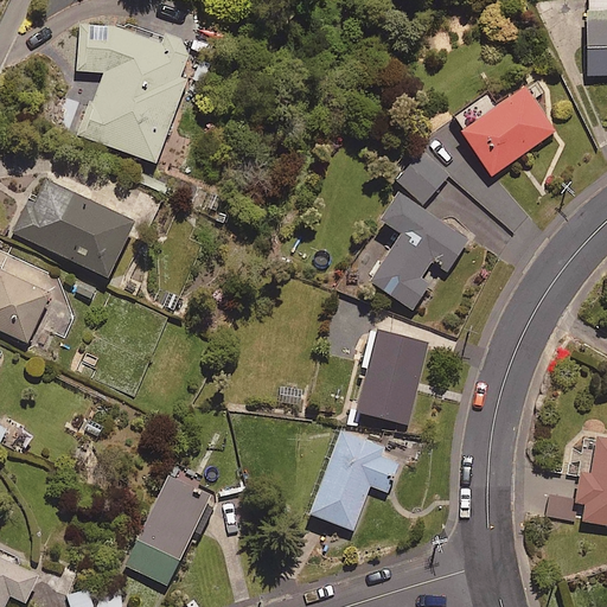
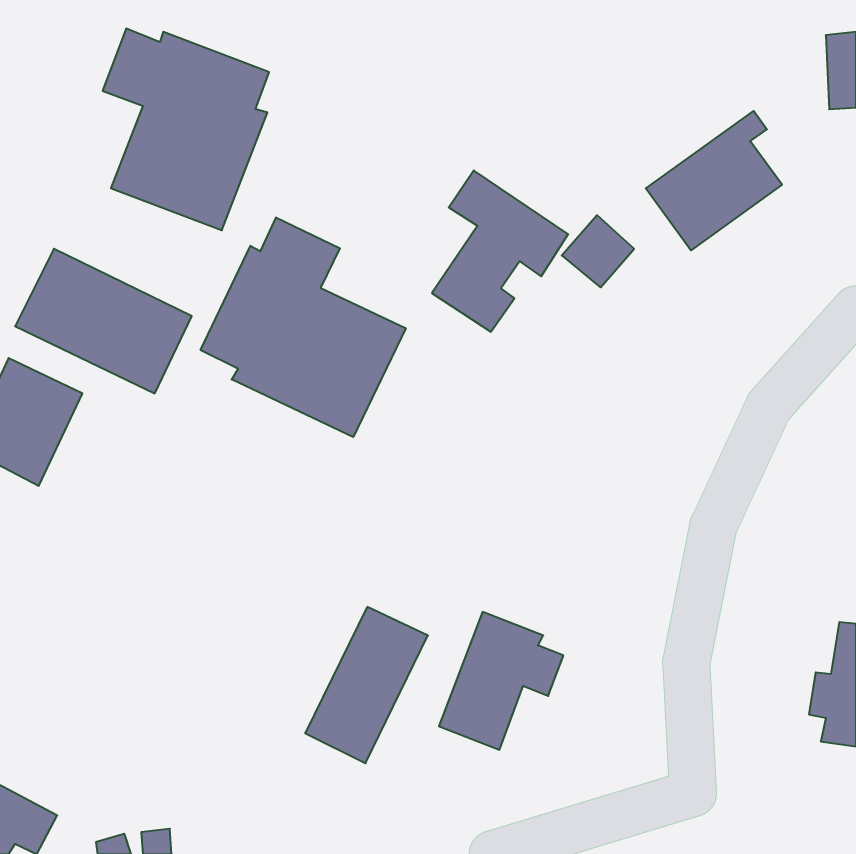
building: none -> [201,217,406,437]
building: [371,194,467,308] -> [432,170,568,332]
building: [356,328,427,423] -> none
building: [126,475,212,586] -> [305,607,428,763]

